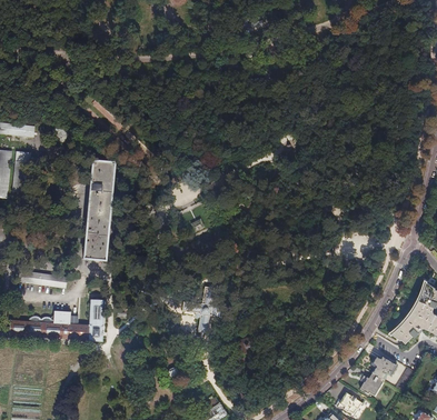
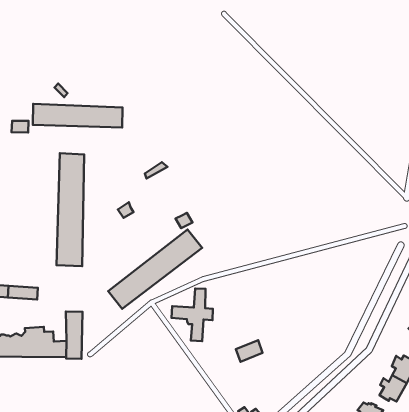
building: none -> [33,104,122,128]
building: none -> [108,229,202,309]

